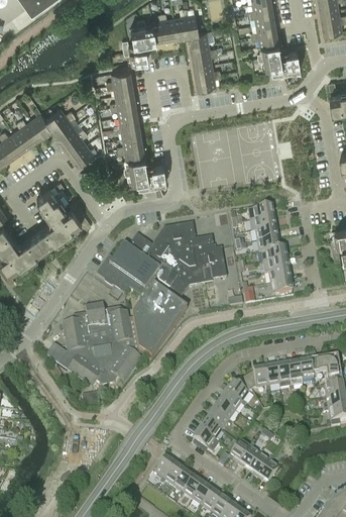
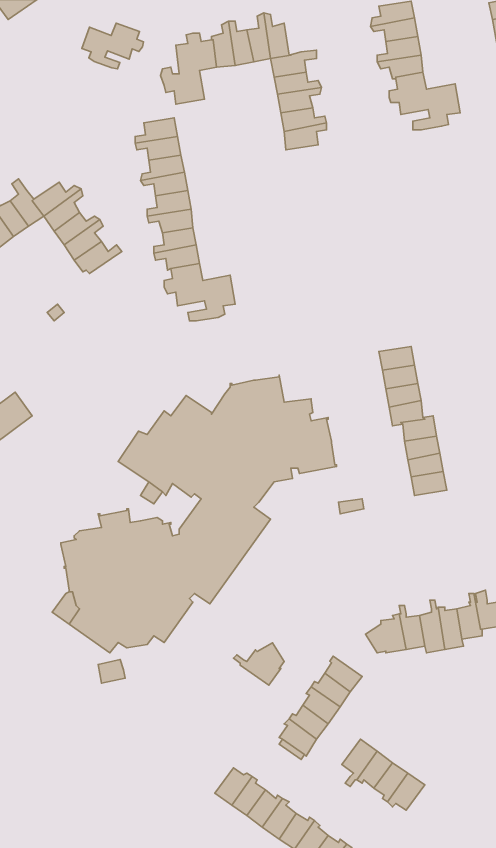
building: none -> [82,23,144,69]
building: [34,189,91,248] -> none
building: [220,379,250,404] -> [233,643,284,685]

